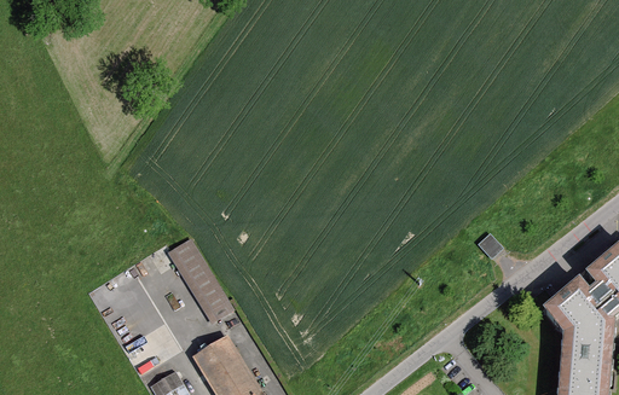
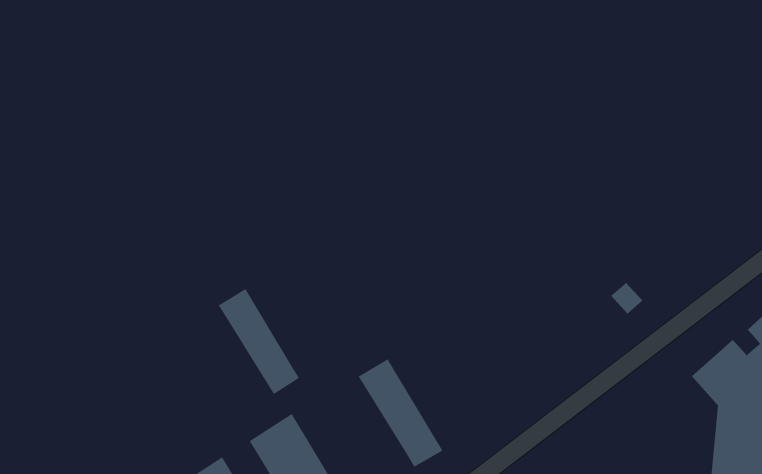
building: none -> [358,358,443,467]

